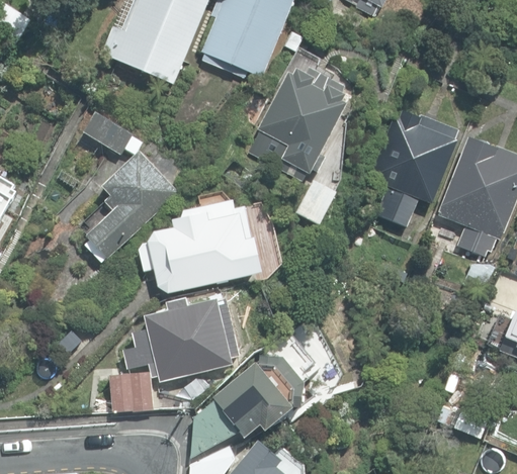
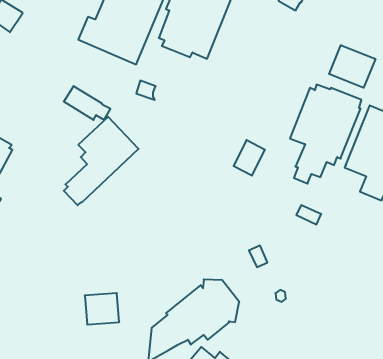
building: [251,52,347,182] -> none
building: none -> [329,45,375,88]
building: [139,200,261,293] -> none
building: [121,298,239,381] -> none

